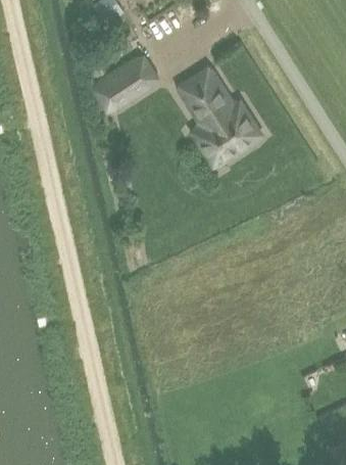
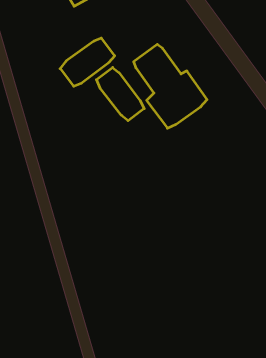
building: none -> [96,67,144,121]

